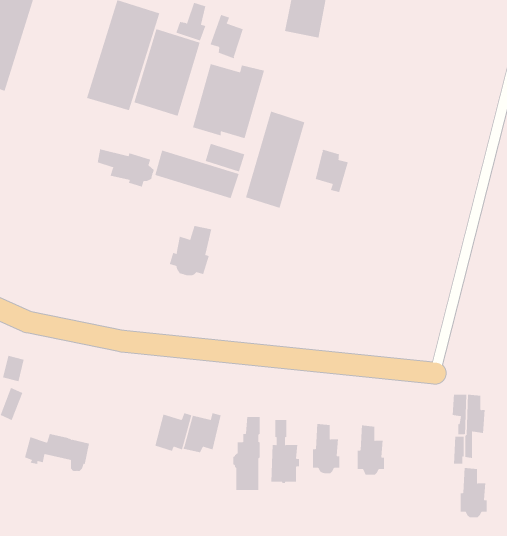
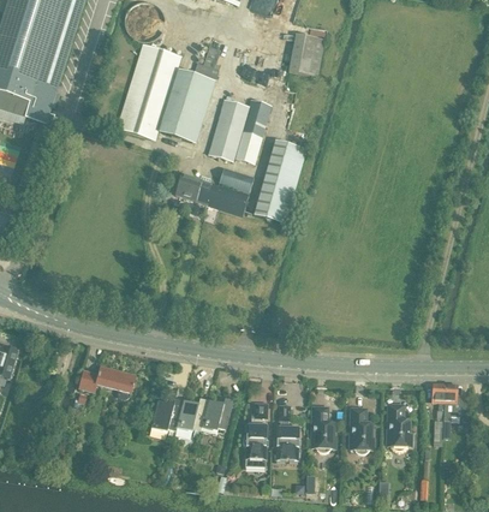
building: [210,14,243,59] -> none
building: [97,148,154,188] -> none
building: [315,149,348,193] -> none
building: [169,225,212,276] -> none
building: none -> [150,398,183,431]
building: [24,434,90,471] -> [78,365,135,398]
building: [460,468,488,518] -> [387,405,411,448]

